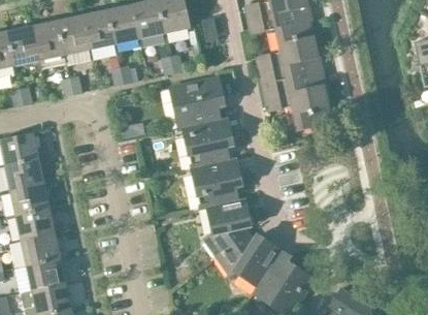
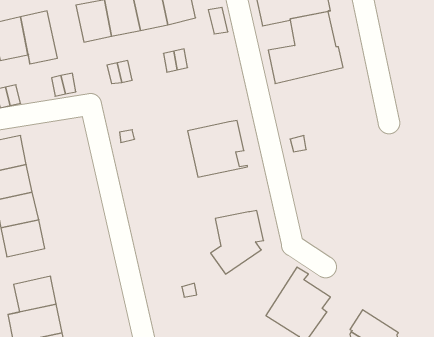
building: [57,14,90,62] -> none
building: [261,70,331,129] -> none
building: [169,75,224,128] -> none
building: [192,159,241,208] -> none
building: [21,232,60,264] -> none
building: [217,233,281,292] -> none

